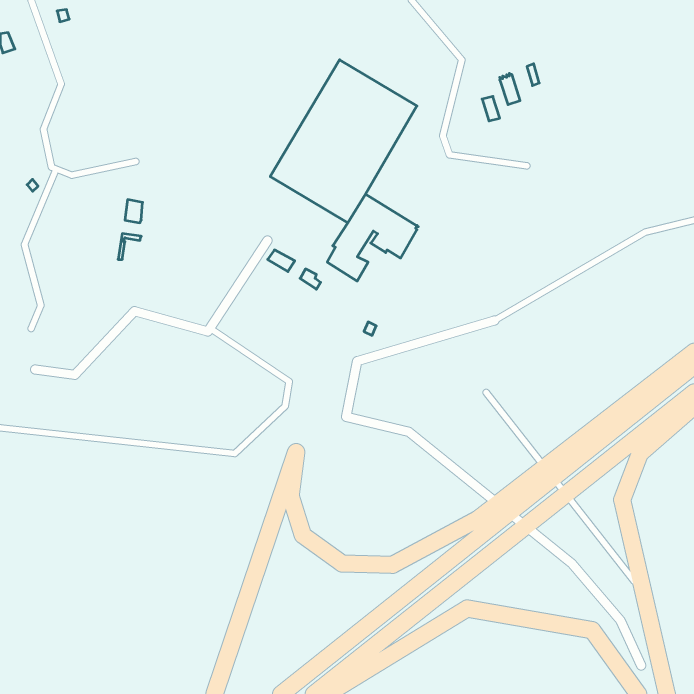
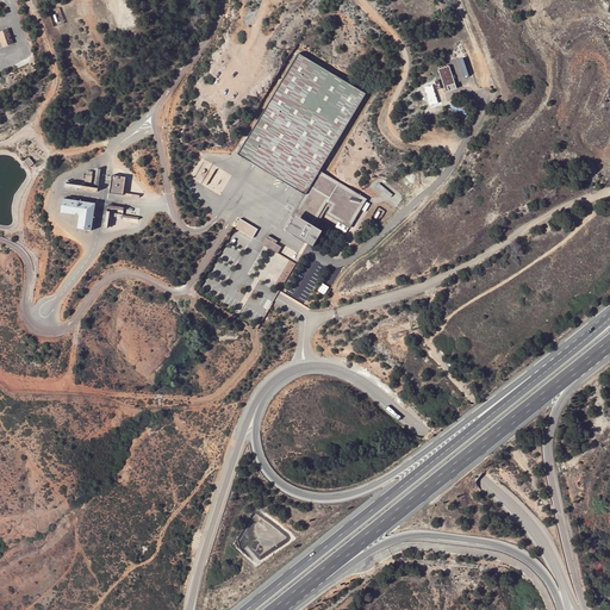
building: none -> [61,198,97,230]

